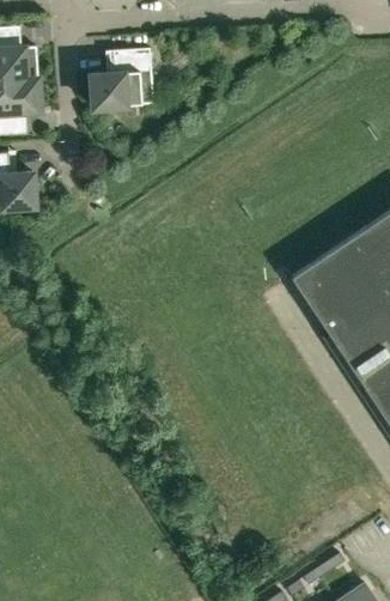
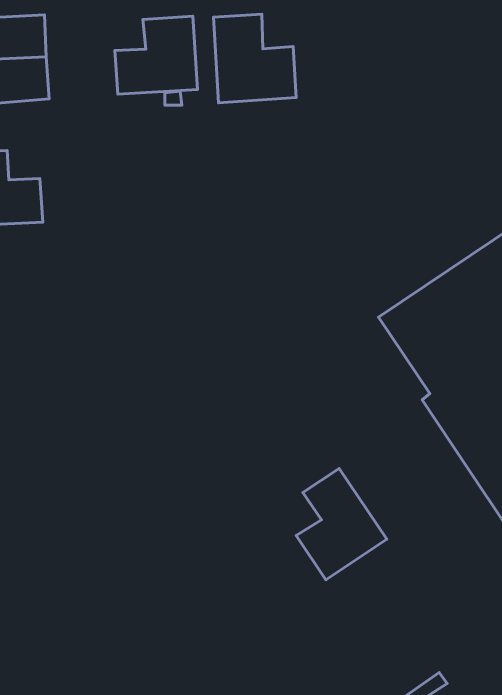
building: none -> [213,14,296,103]
building: none -> [296,469,387,580]

